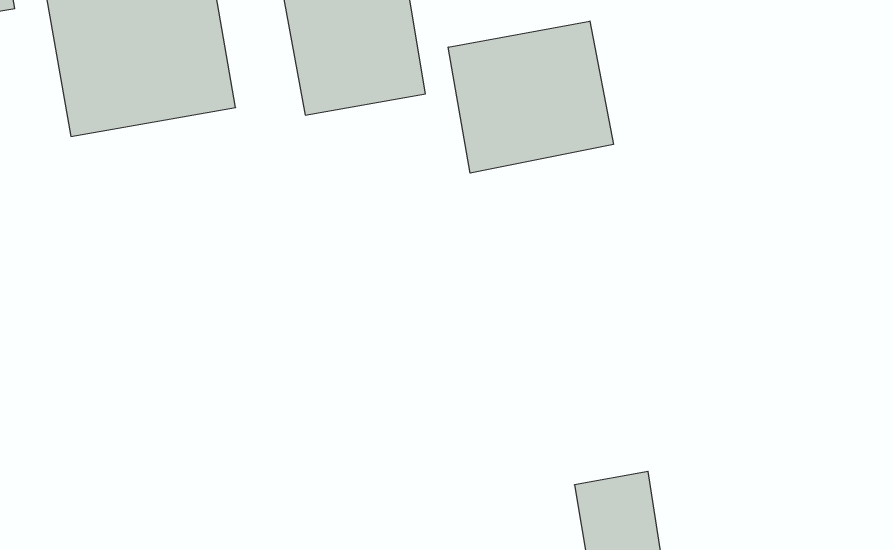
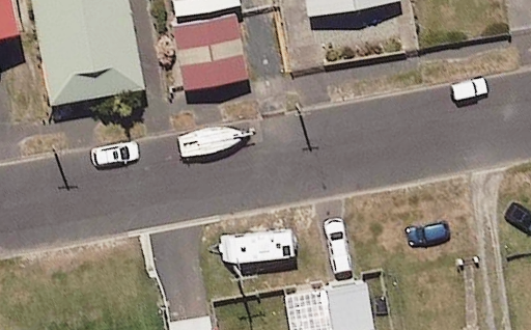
building: [448,21,613,173] -> none

